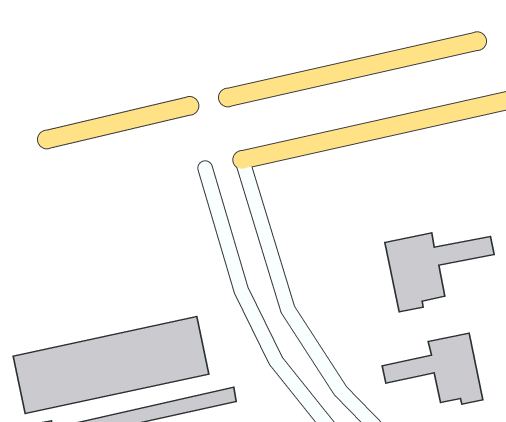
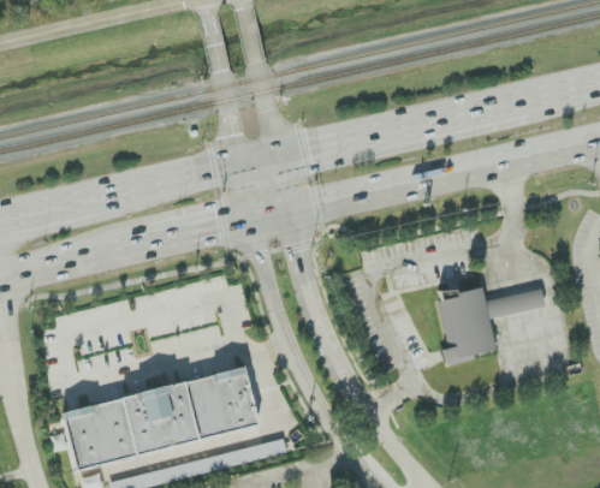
building: [382,333,483,404] -> none

